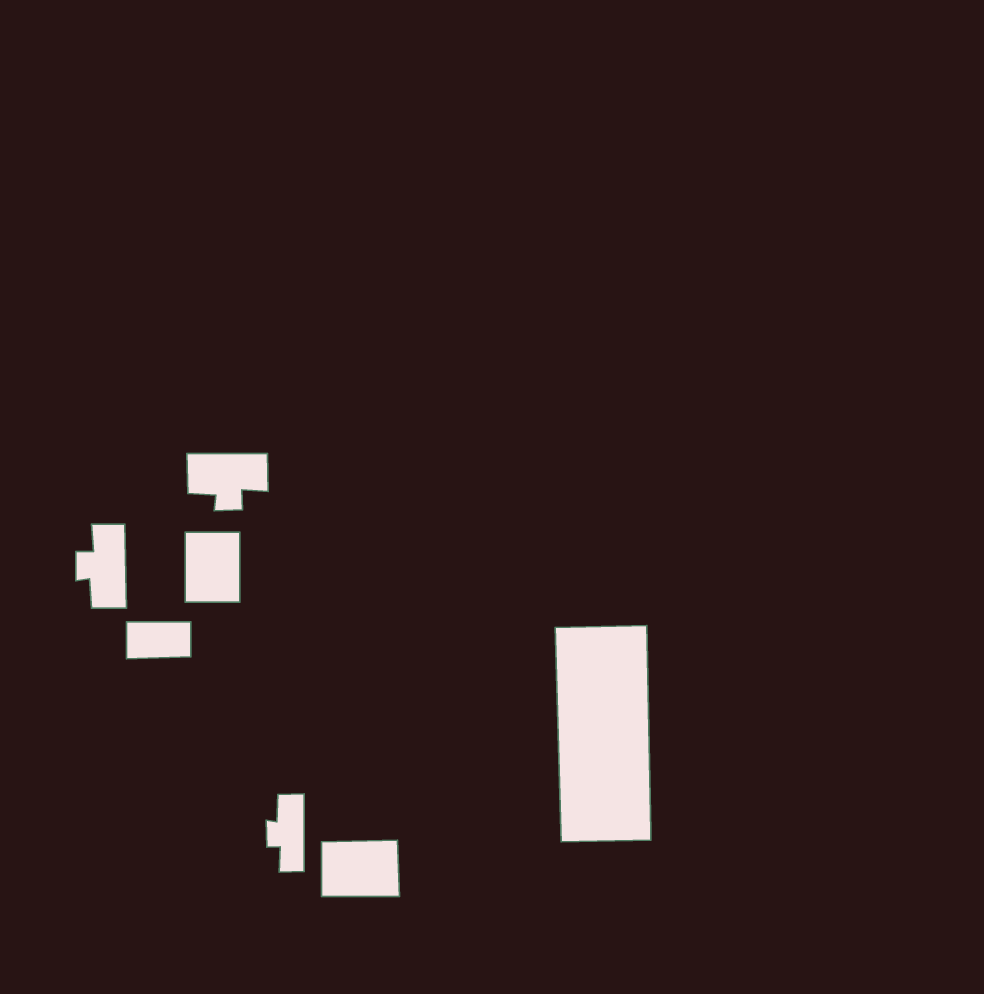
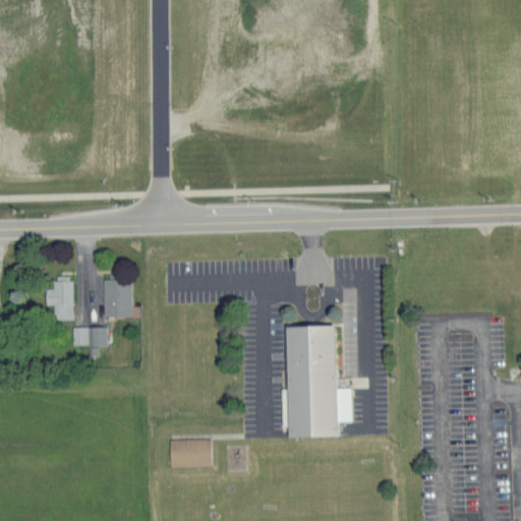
building: [187,454,268,511] -> none
building: [266,794,304,872] -> none

